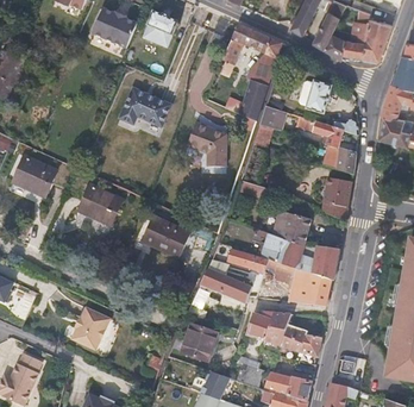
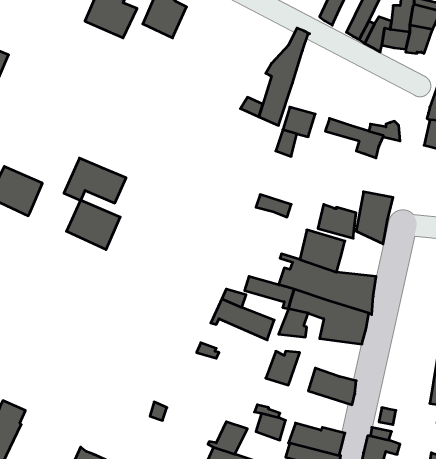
building: [222,24,271,70] -> none
building: [299,80,332,114] -> none
building: [119,88,171,126] -> [64,158,126,203]
building: [187,123,226,167] -> none
building: [324,145,356,174] -> [318,204,356,238]
building: [143,217,189,257] -> none
building: [71,307,109,350] -> none
building: [264,313,308,345] -> none
building: [181,324,217,362] -> none

